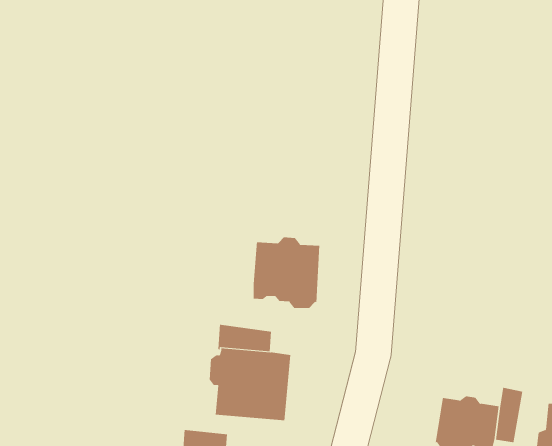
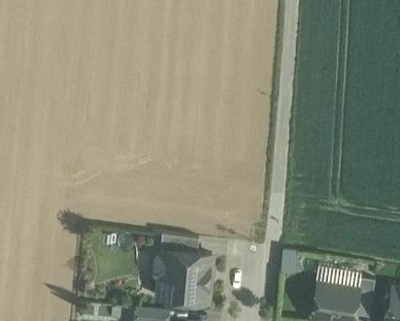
building: [253,237,320,309] -> none

